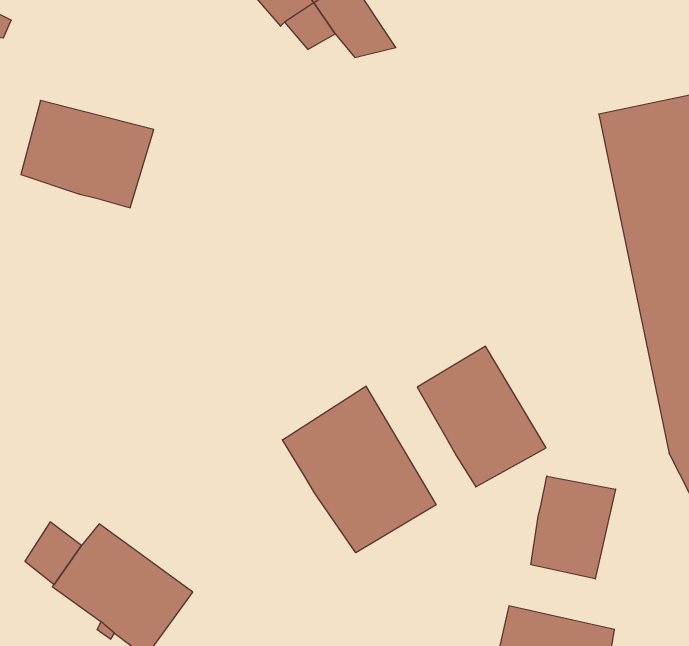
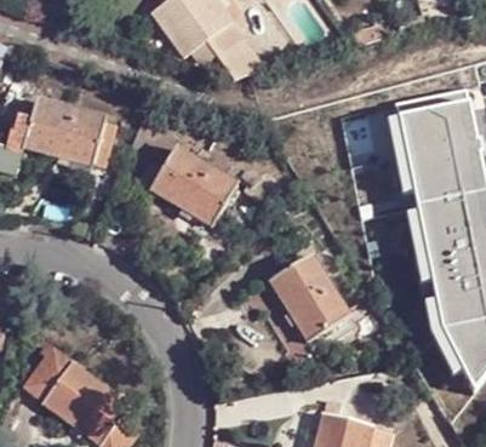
building: none -> [153,144,240,225]
building: [282,386,436,553] -> none
building: [531,476,616,579] -> none

